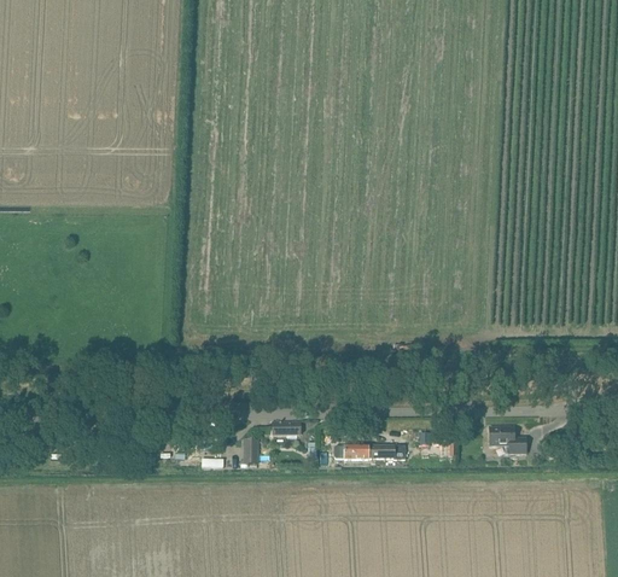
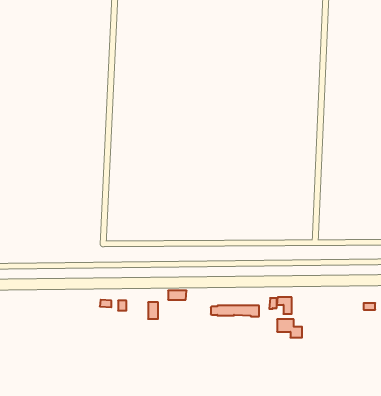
building: [489,426,525,453] -> [277,319,302,338]

